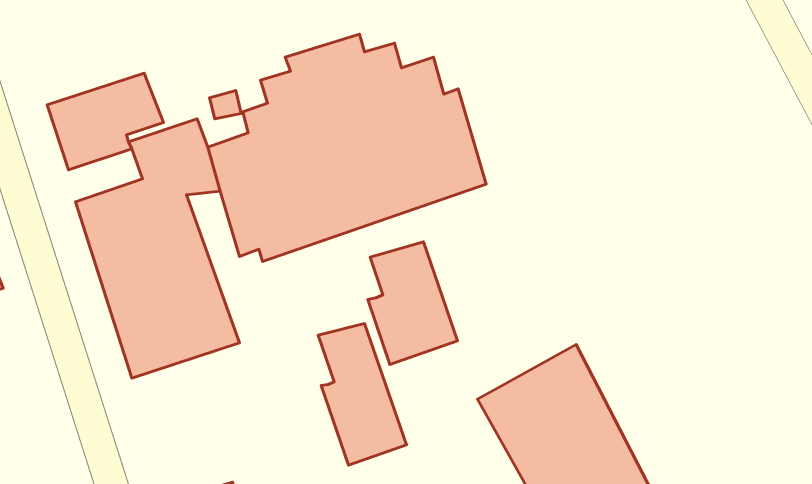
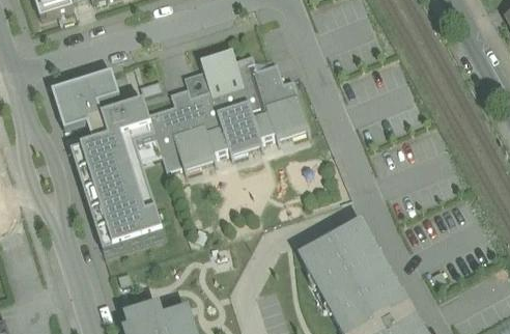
building: [368,242,458,364] -> none
building: [318,323,407,465] -> none

